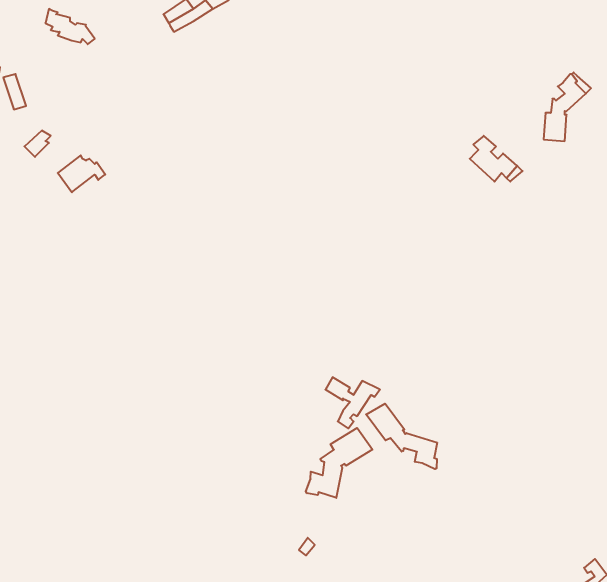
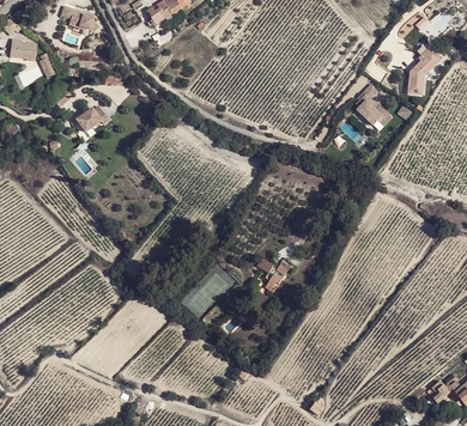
building: [366,404,437,469] -> none
building: [306,428,372,498] -> none

